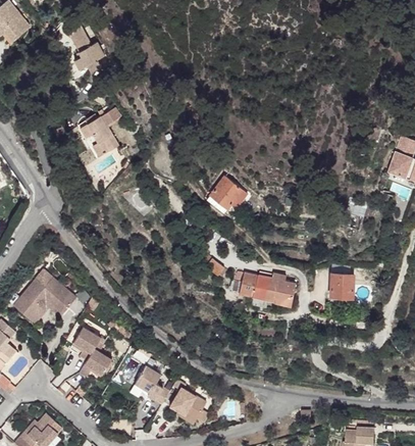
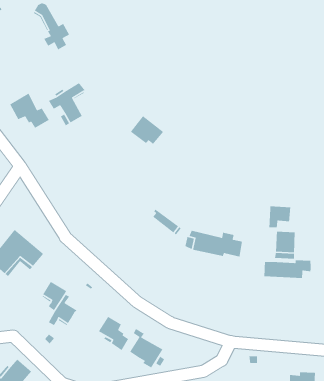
building: none -> [9,93,50,129]
building: [210,177,248,209] -> [130,115,164,145]
building: none -> [269,206,291,228]
building: none -> [263,259,312,279]

